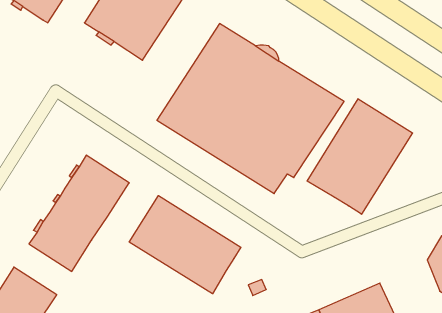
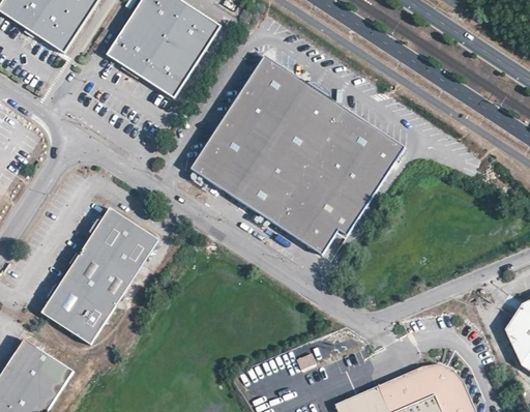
building: [307,99,413,214] -> none
building: [129,196,241,294] -> none

